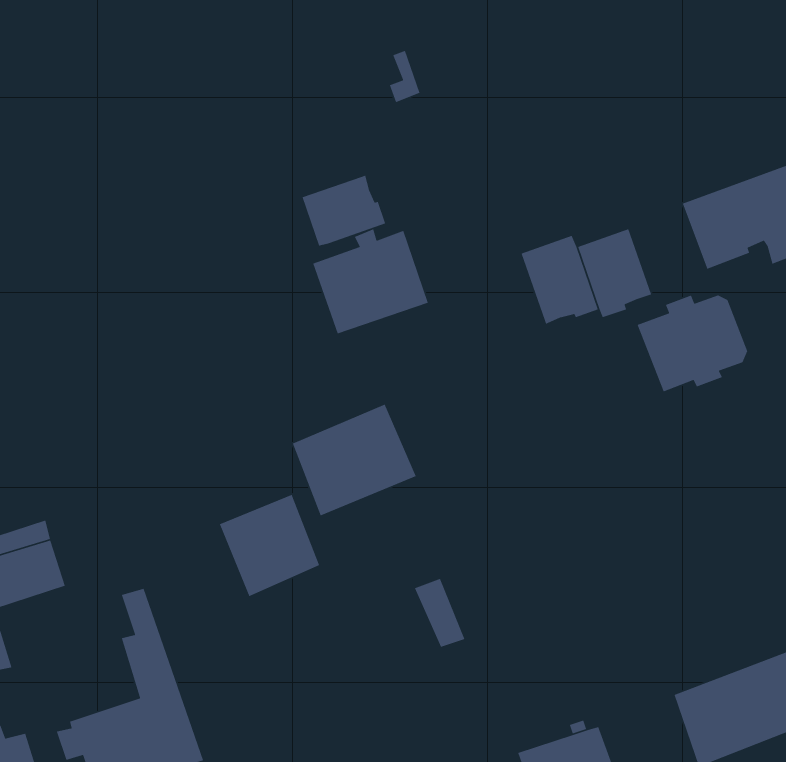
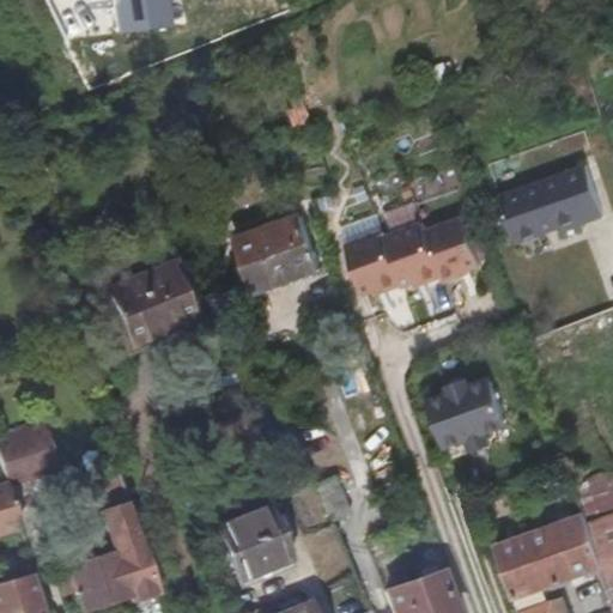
building: [302,175,386,247] -> none
building: none -> [347,225,405,290]
building: [637,294,748,393] -> [431,374,511,444]
building: [292,403,417,517] -> [107,262,196,344]
building: [219,494,320,597] -> [216,505,289,579]

